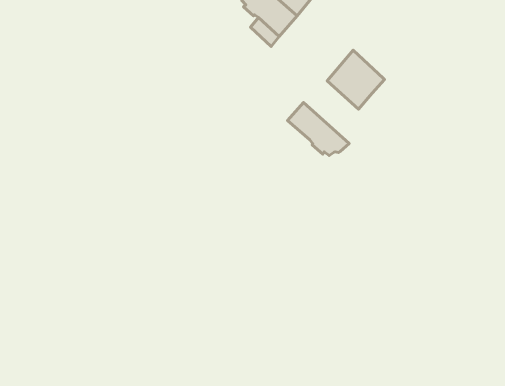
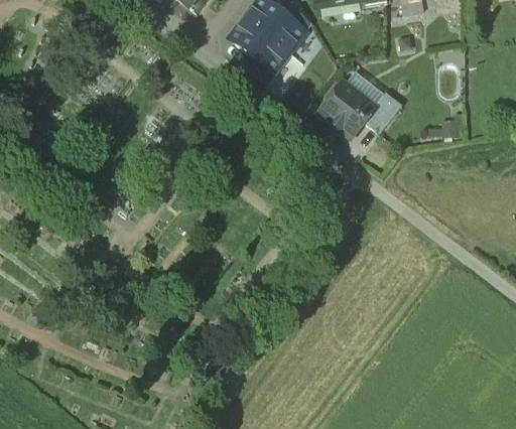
building: none -> [366,89,403,130]
building: [287,102,349,156] -> none

